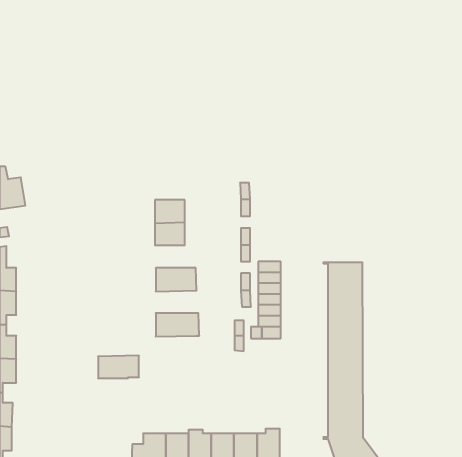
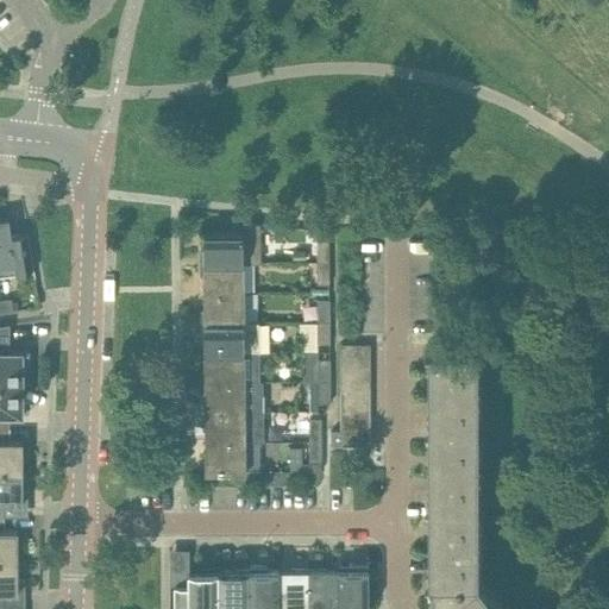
building: none -> [203,228,259,270]
building: none -> [203,329,257,359]
building: none -> [205,389,260,419]
building: [98,356,139,378] -> [205,448,258,478]

